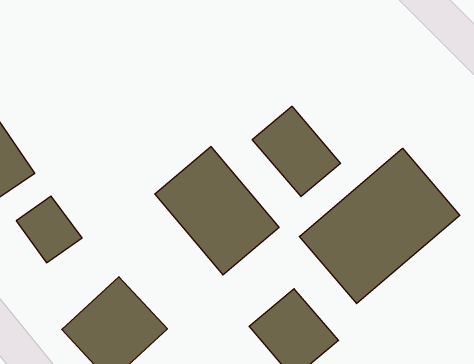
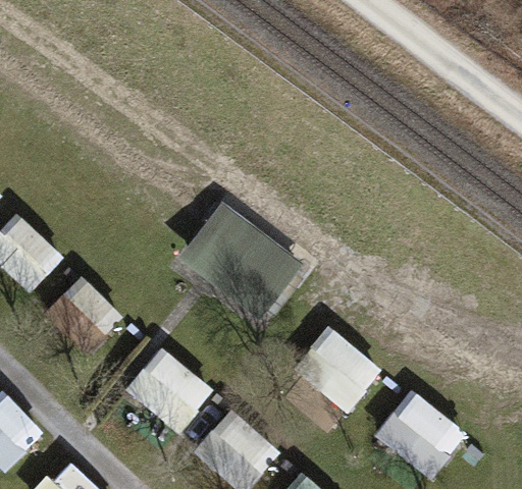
building: [252,106,341,197] -> none
building: [299,148,460,304] -> none

